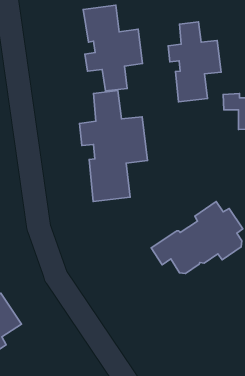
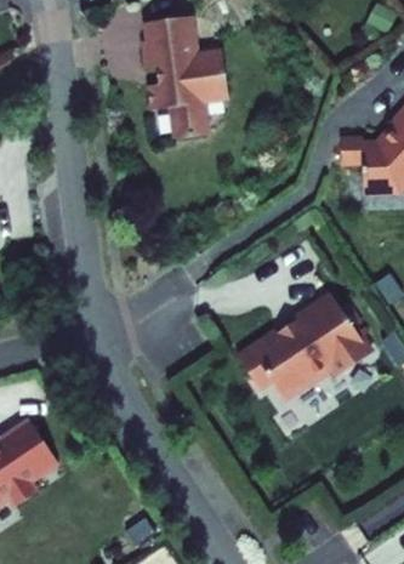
building: [168,22,221,102] -> none
building: [79,90,148,202] -> none

